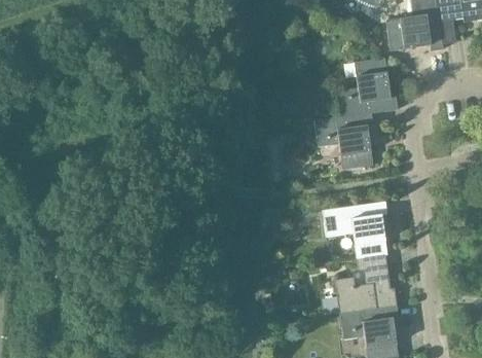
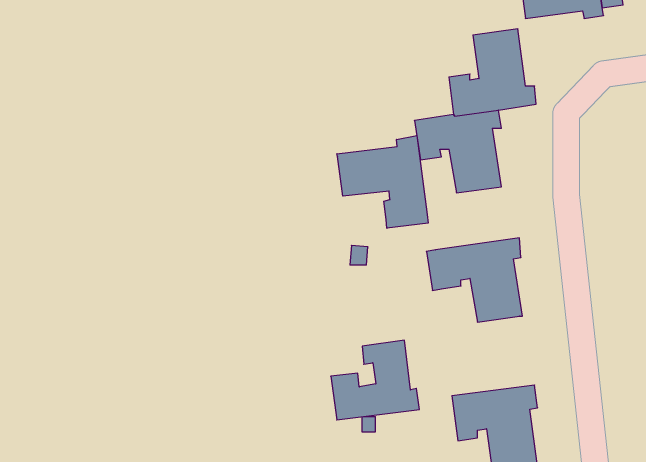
building: none -> [337,135,428,228]
building: [336,254,397,309] -> [331,340,419,420]

